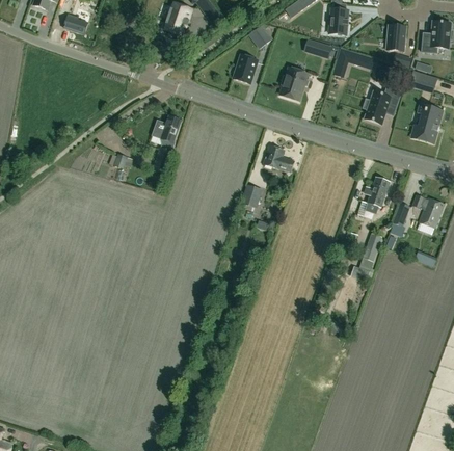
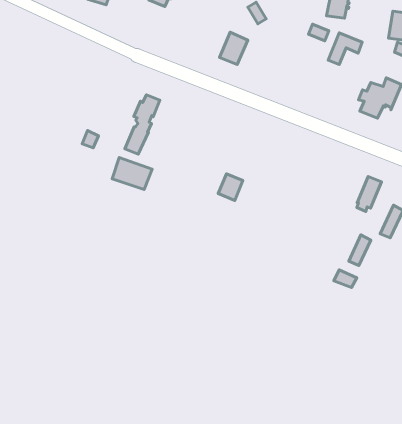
building: [281,68,310,100] -> none
building: [263,145,294,171] -> none
building: none -> [112,157,152,189]

